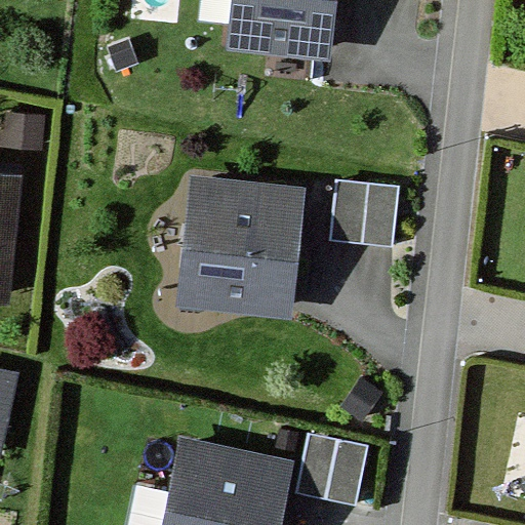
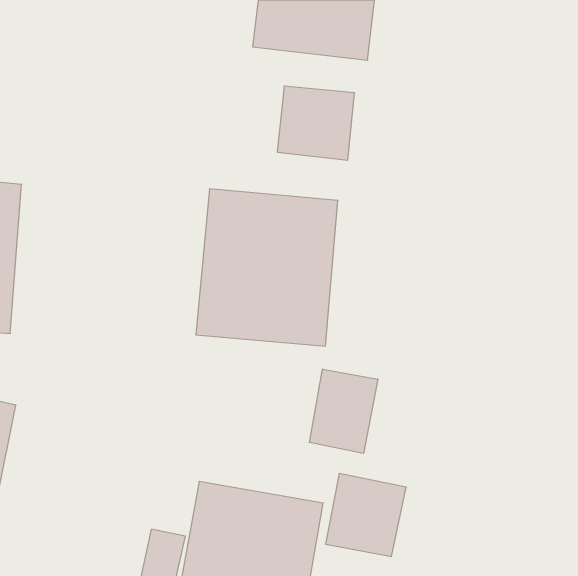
building: [331,171,401,238] -> [277,86,355,160]
building: none -> [309,369,378,453]

